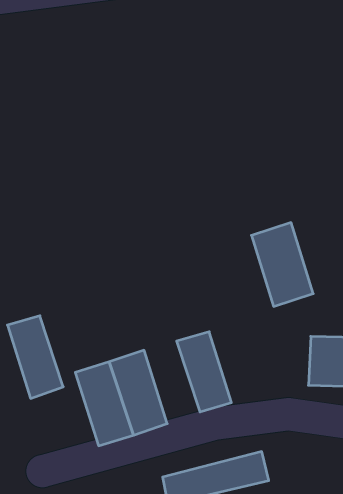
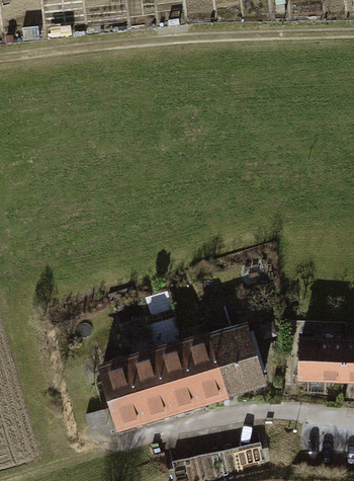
building: [251,223,313,306] -> [212,323,266,396]
building: [7,316,63,398] -> [156,342,204,414]

